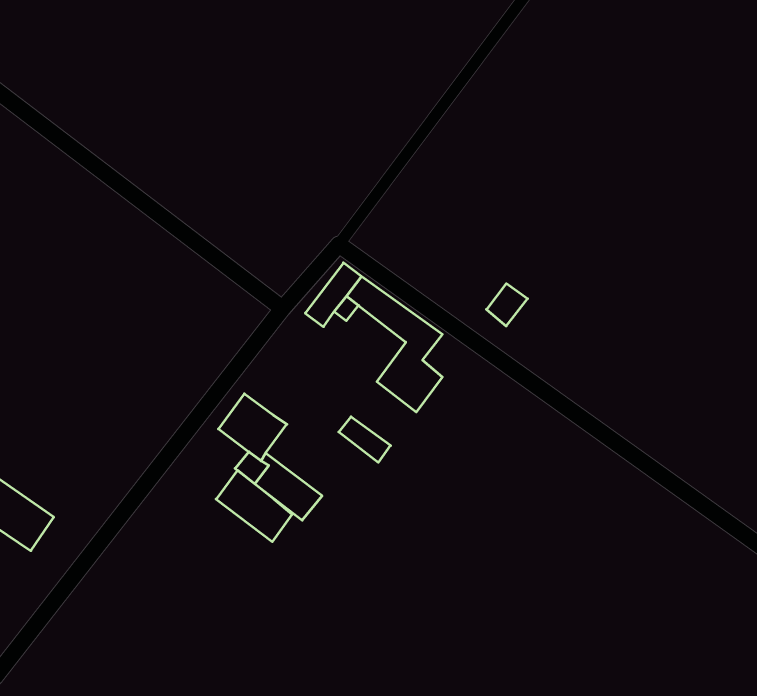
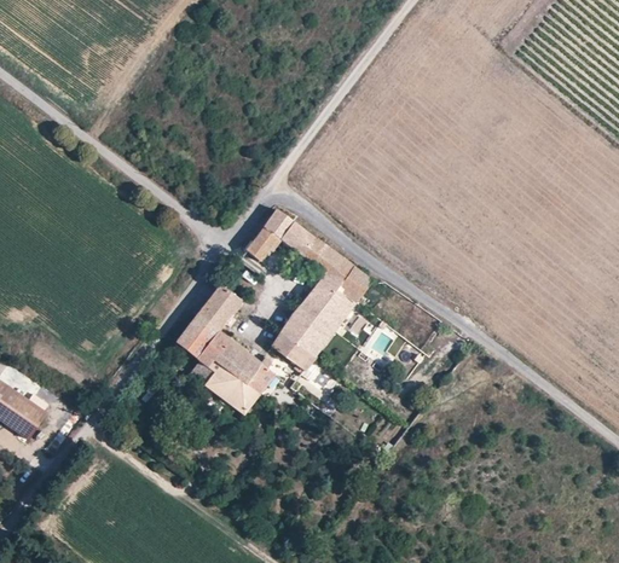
building: [486,284,528,326] -> [339,267,371,301]
building: none -> [197,285,241,331]
building: none -> [282,304,334,355]
building: [216,470,292,542] -> [214,338,274,395]

